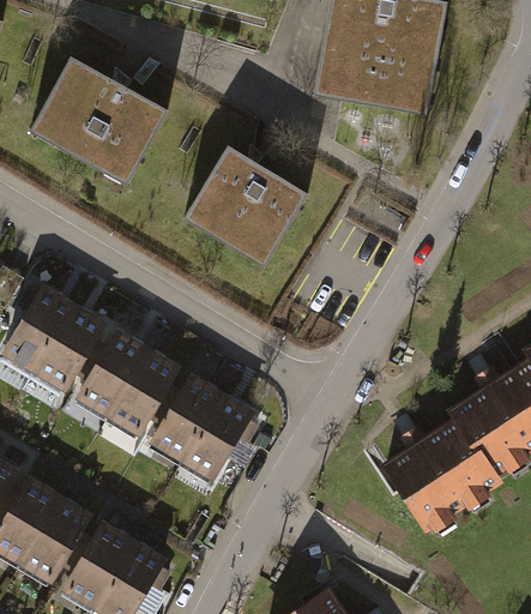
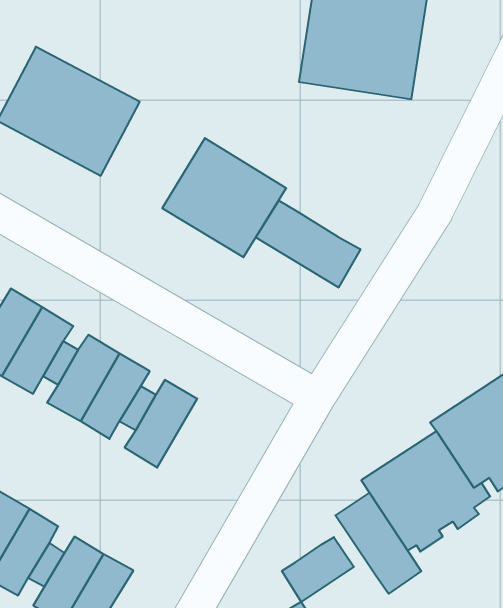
building: none -> [256,200,360,288]
building: [183,395,251,477] -> none
building: none -> [335,493,421,594]
building: none -> [282,537,354,602]

